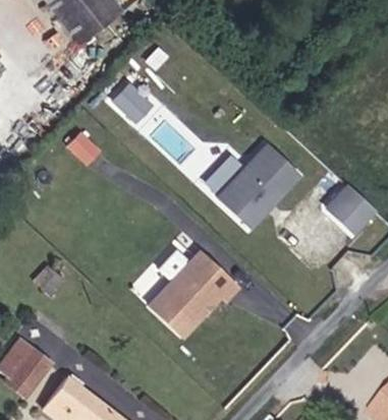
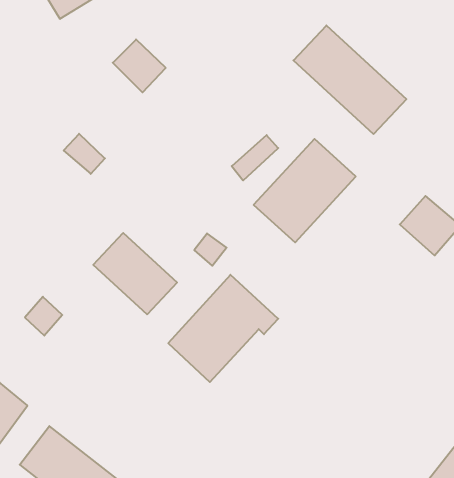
building: none -> [293,25,406,134]
building: none -> [93,233,177,314]

